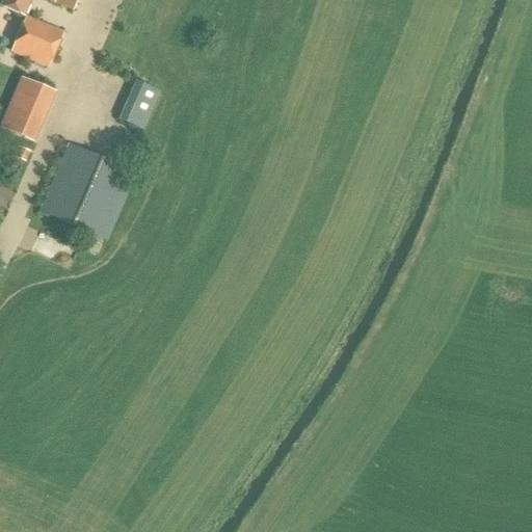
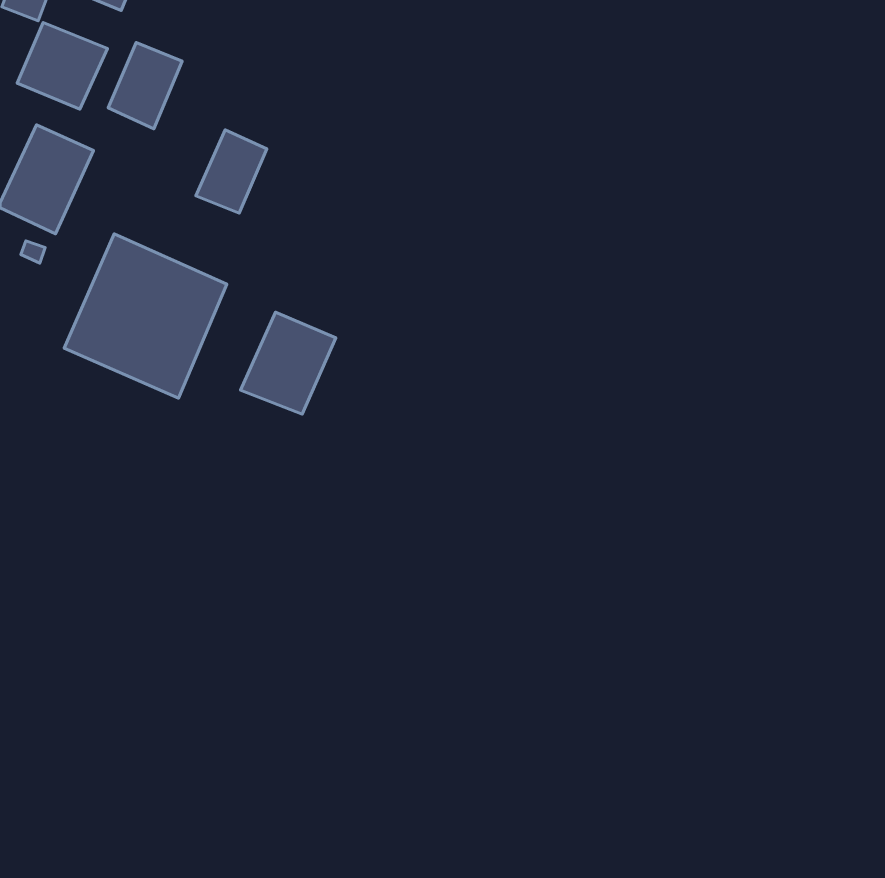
building: none -> [108,42,182,129]
building: none -> [241,312,336,414]

